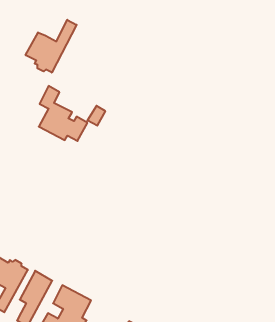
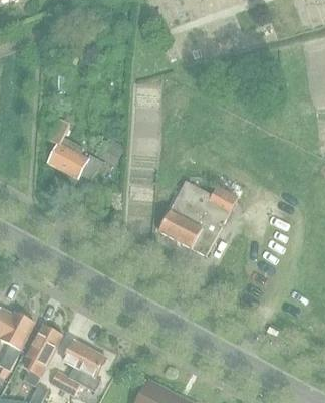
building: [26,20,77,73] -> none
building: none -> [158,181,237,256]

